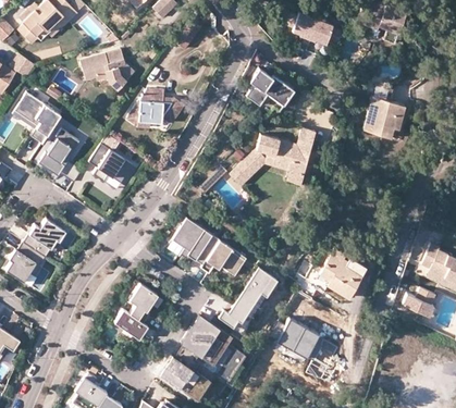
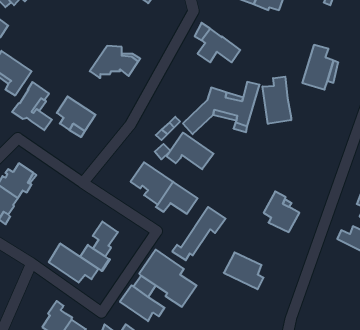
building: [81,48,136,88] -> none
building: none -> [263,77,291,124]
building: none -> [167,133,214,169]
building: none -> [49,243,98,283]

